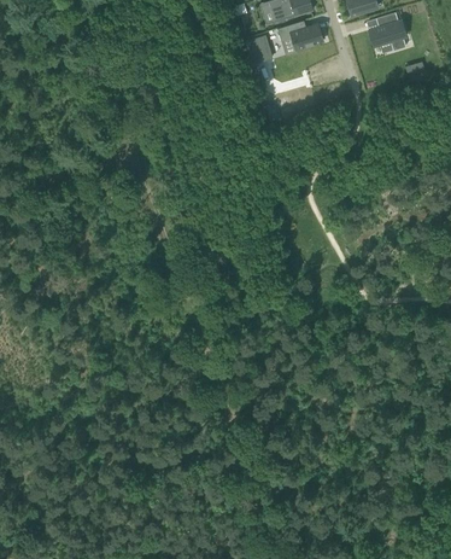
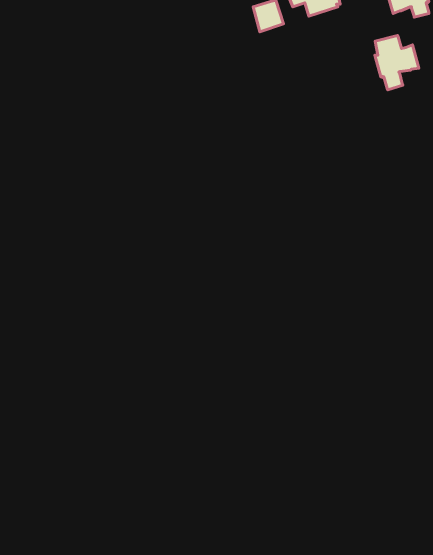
building: none -> [375,35,419,90]

